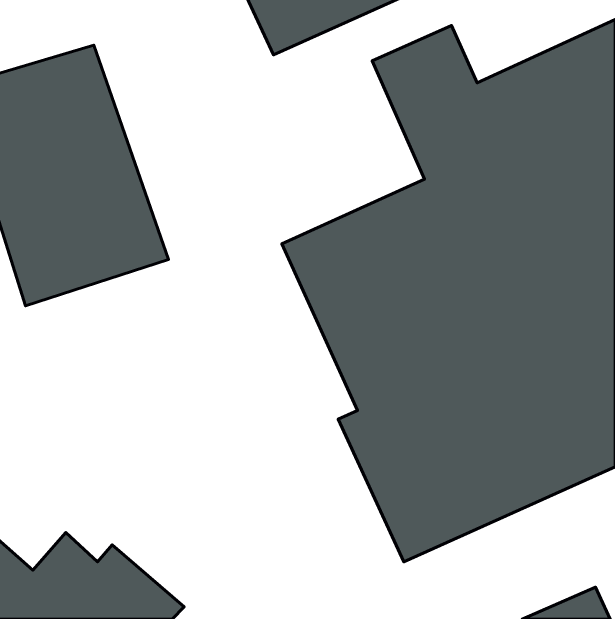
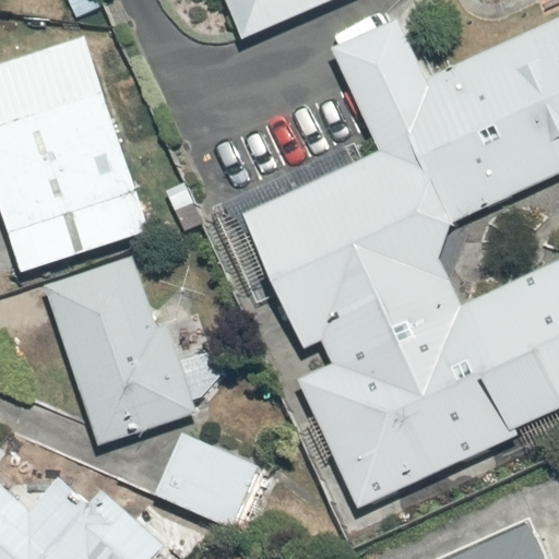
building: none -> [41,258,197,448]
building: none -> [153,427,255,527]

